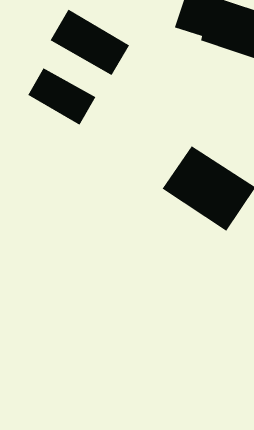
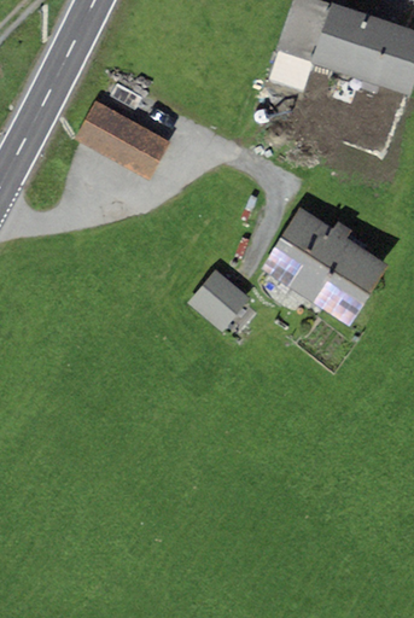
building: [50,8,130,76] -> none
building: none -> [188,269,250,330]

